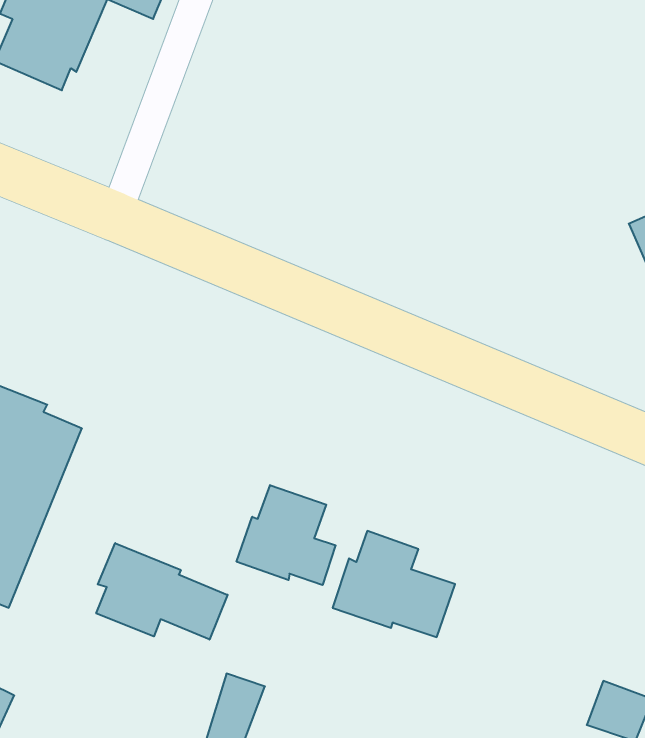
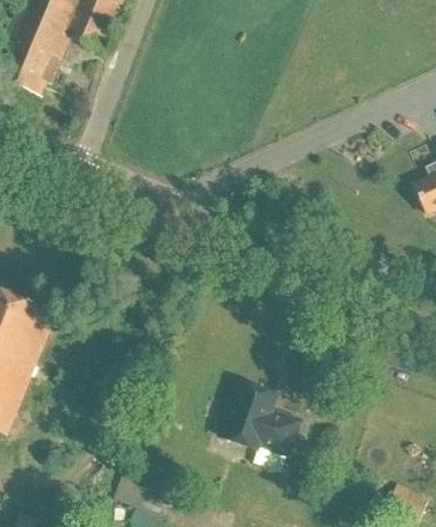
building: [237,485,336,585] -> none
building: [96,543,228,640] -> none

